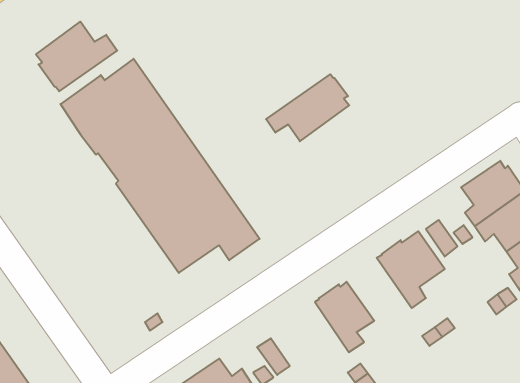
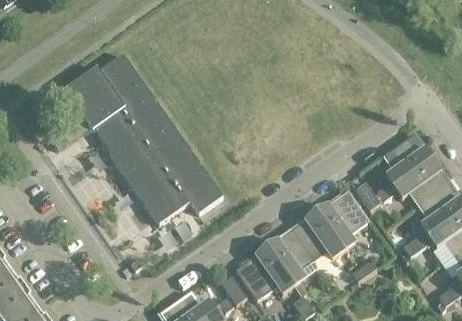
building: [36,22,117,91] -> none
building: [266,74,349,141] -> none
building: none -> [291,211,343,261]
building: none -> [235,246,293,300]

